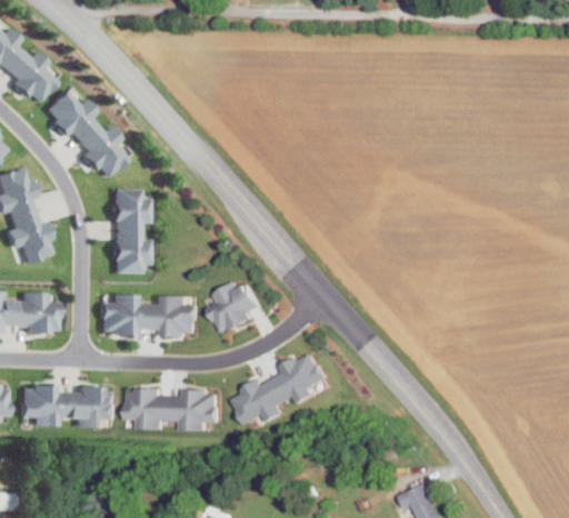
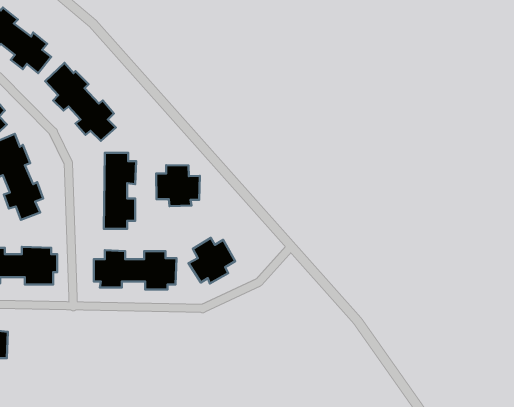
building: none -> [156,165,200,206]
building: [232,345,329,422] -> none
building: [21,383,113,428] -> none
building: [123,386,219,431] -> none

